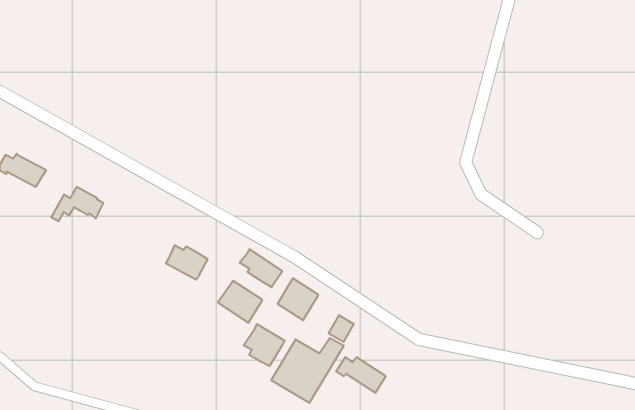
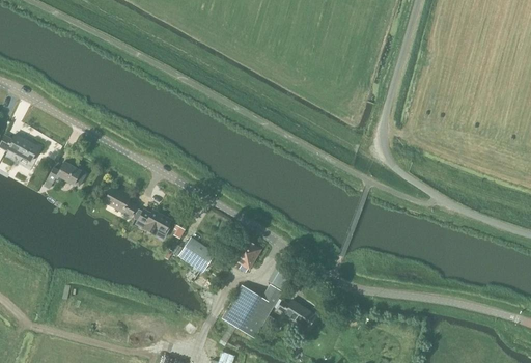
building: none -> [104,187,136,217]
building: [240,249,282,287] -> none
building: [244,324,285,366] -> none

